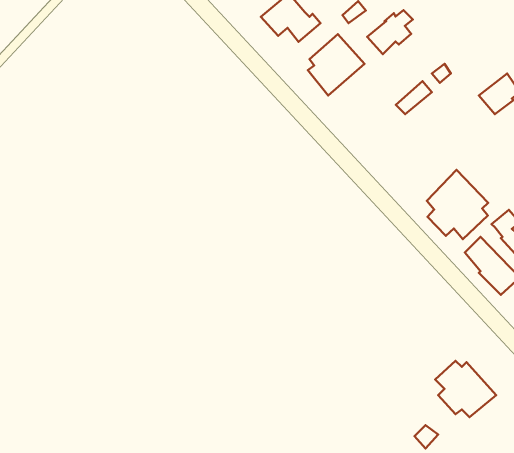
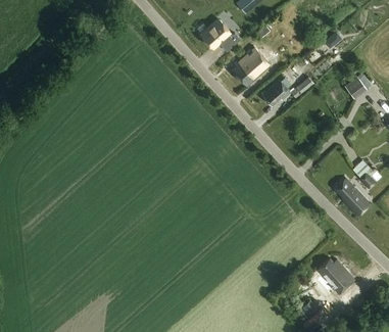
building: [367,10,413,54] -> [261,77,291,105]
building: [427,170,488,239] -> none

